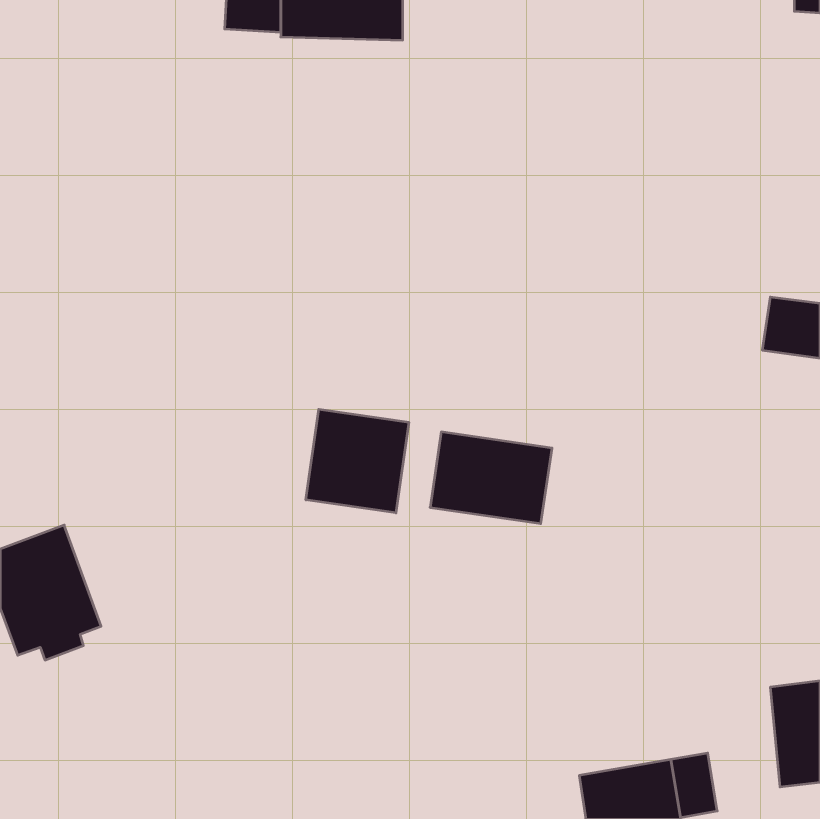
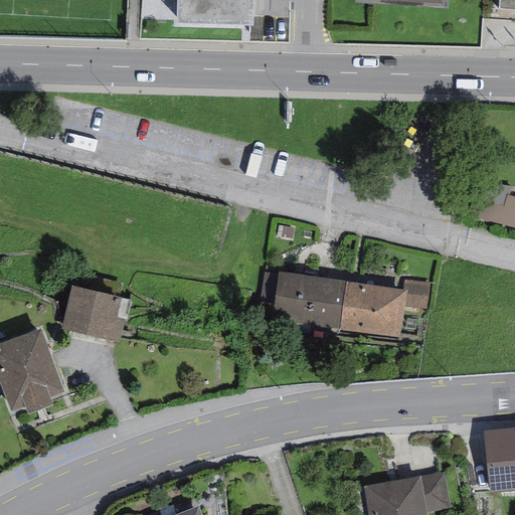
building: [306,409,409,513] -> none
building: none -> [339,278,431,337]
building: none -> [61,286,130,342]

